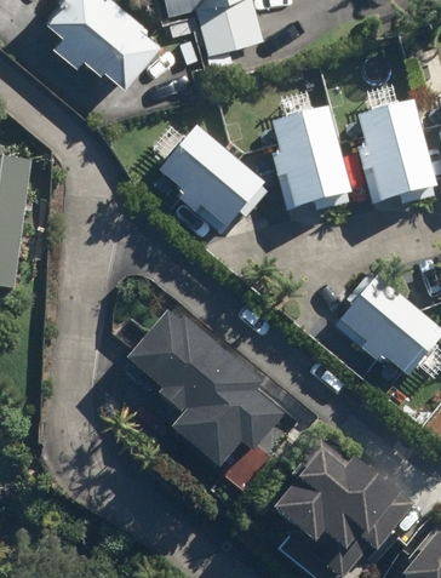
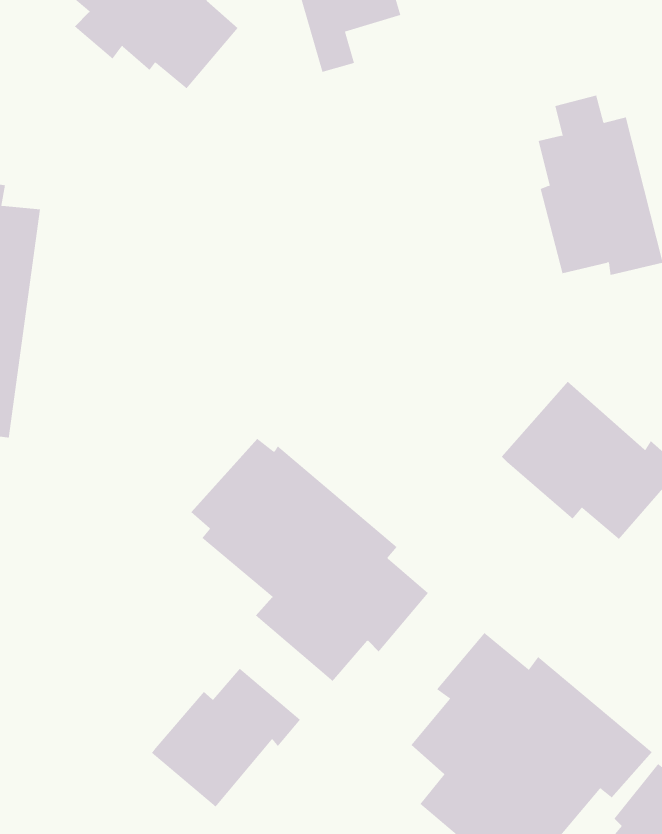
building: [268,92,354,212] -> none
building: [151,125,269,234] -> none
building: none -> [151,668,301,807]

